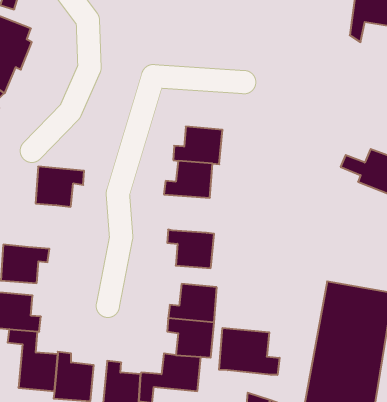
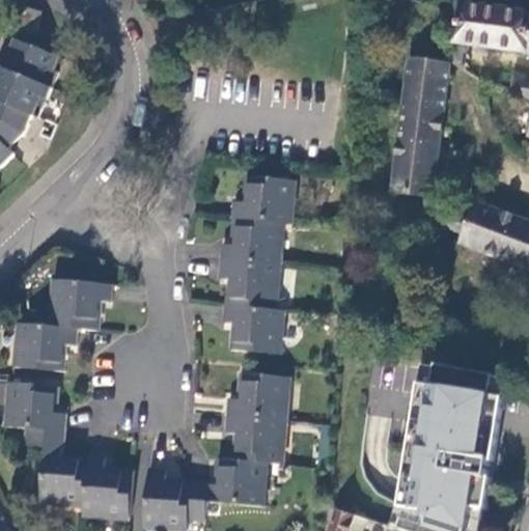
building: none -> [390,60,448,198]
building: [36,167,84,207] -> [51,279,111,329]
building: none -> [217,259,276,307]
building: [219,328,280,375] -> none

